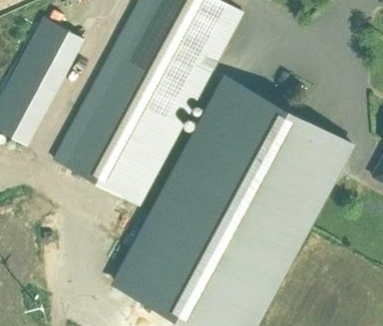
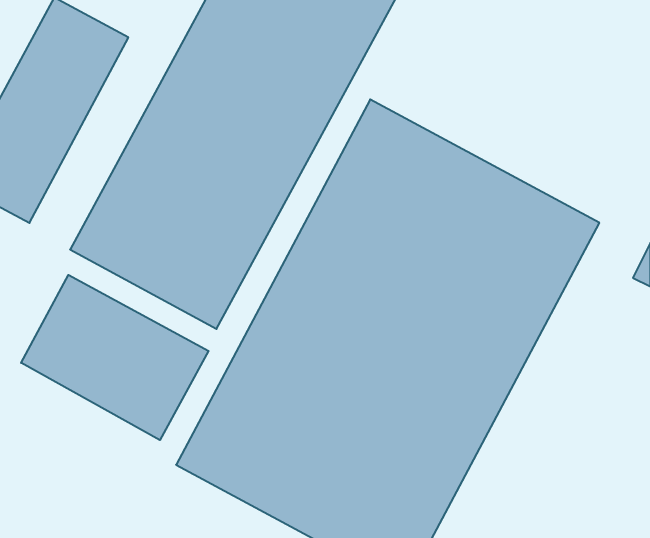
building: none -> [21,275,209,440]

